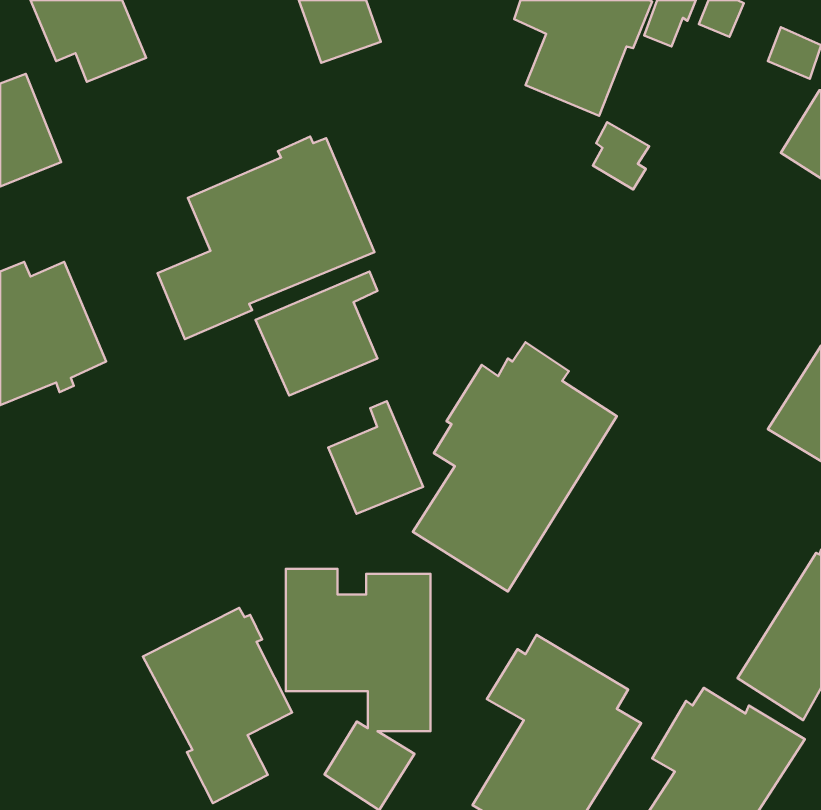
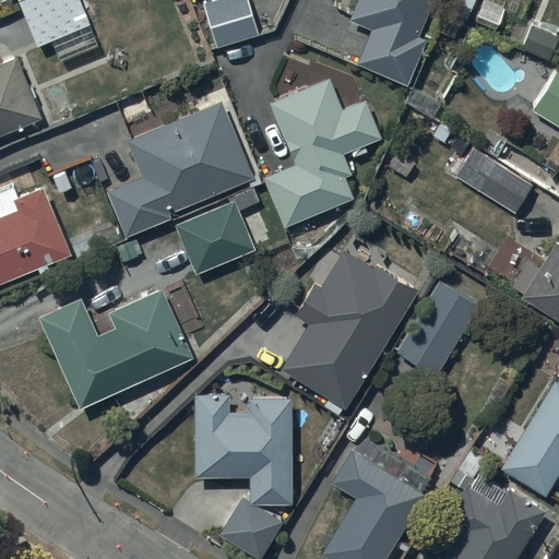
building: none -> [264,81,382,228]
building: none -> [451,136,532,215]
building: [328,401,423,514] -> none
building: none -> [396,283,479,378]
building: none -> [37,288,203,409]
building: [143,608,292,803] -> none

